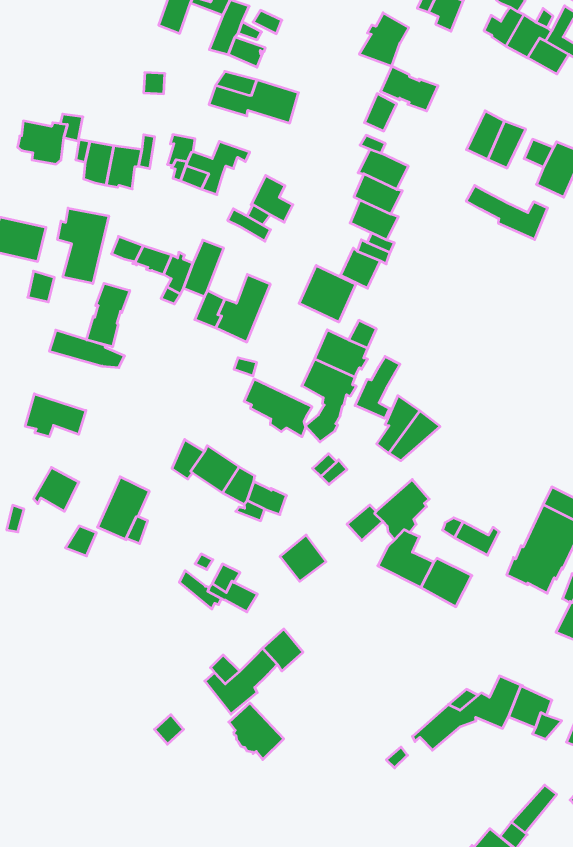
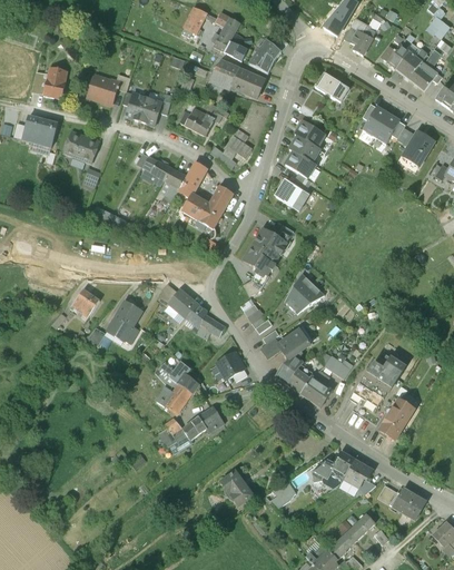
building: [359,13,409,66] -> [248,40,280,73]
building: [466,185,548,240] -> none
building: [58,208,109,284] -> none
building: [299,265,356,322] -> none
building: [87,283,130,347] -> none
building: [355,356,400,418] -> none
building: [244,379,312,437] -> none
building: [25,394,86,437] -> none
building: none -> [155,384,191,415]
building: [229,703,284,760] -> [220,470,253,505]

